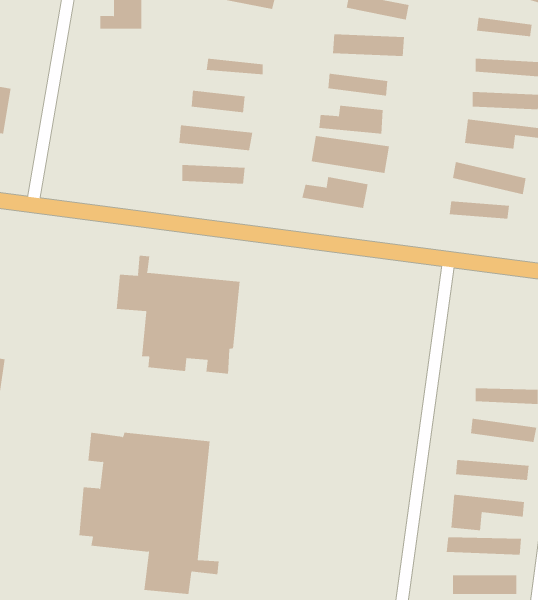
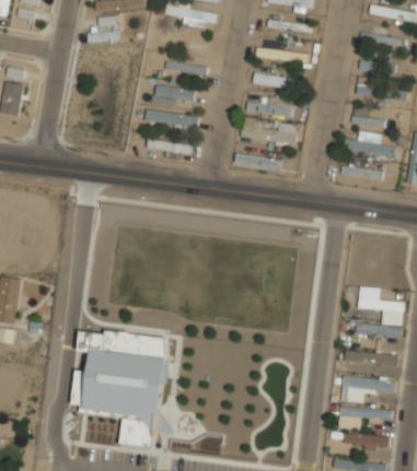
building: [116,255,240,374] -> none

